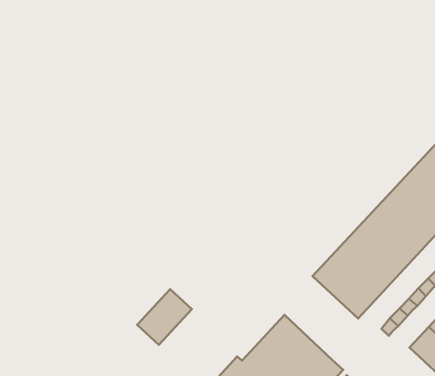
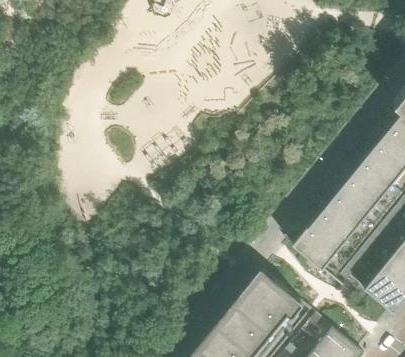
building: [137,289,192,345] -> none

